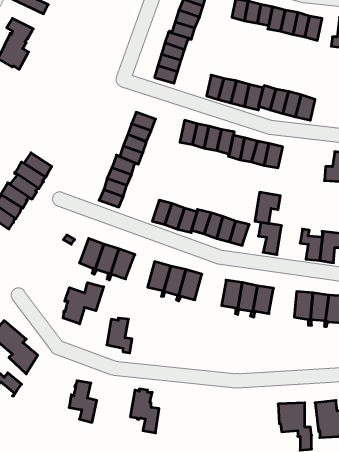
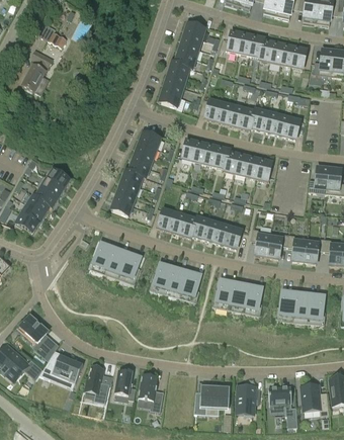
building: [255,192,280,224] -> [266,231,288,258]
building: [63,283,104,324] -> none
building: [107,318,132,353] -> [113,369,136,400]
building: none -> [38,354,83,382]
building: none -> [193,385,229,414]
building: none -> [236,386,259,413]

